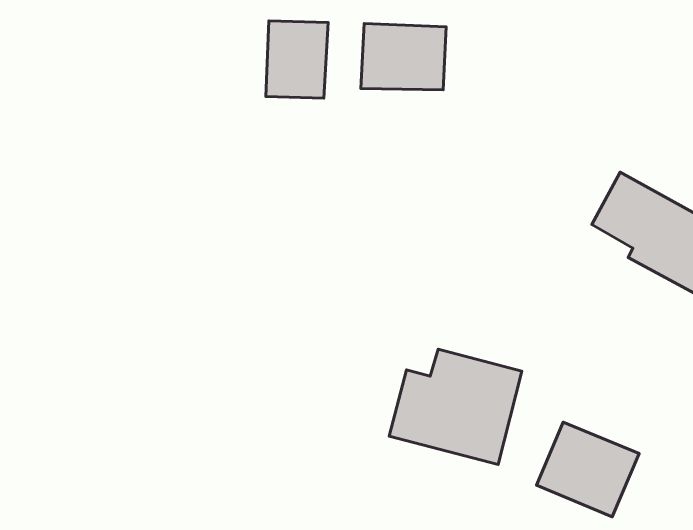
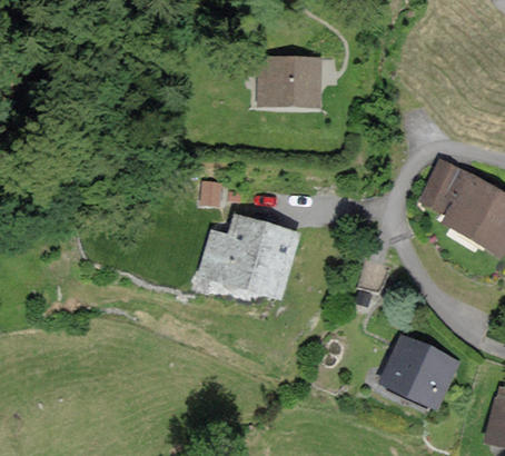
building: [266,21,328,98] -> none
building: [389,349,522,465] -> [202,217,296,298]

